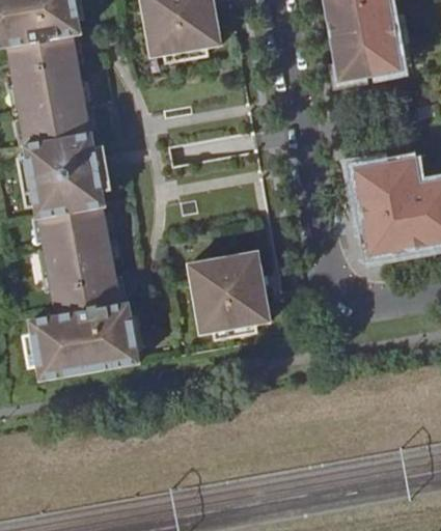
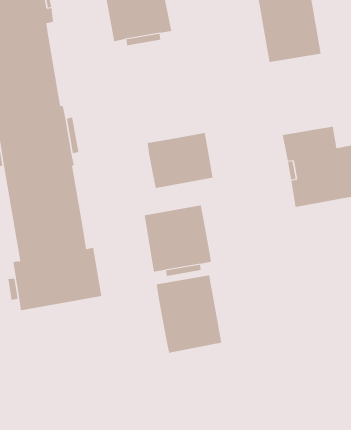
building: none -> [147,132,213,189]
building: none -> [156,275,222,353]

